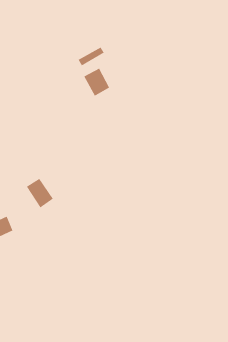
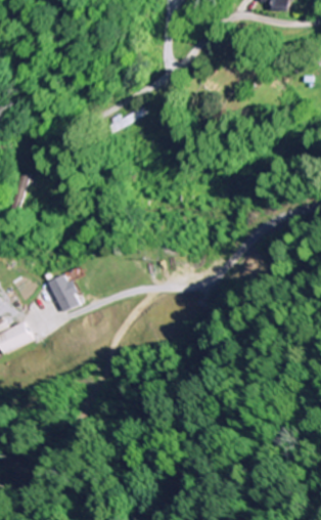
building: [83,67,110,97] -> none

